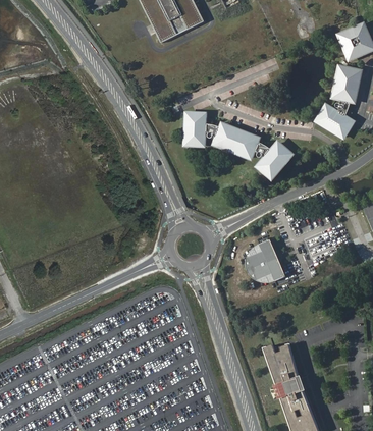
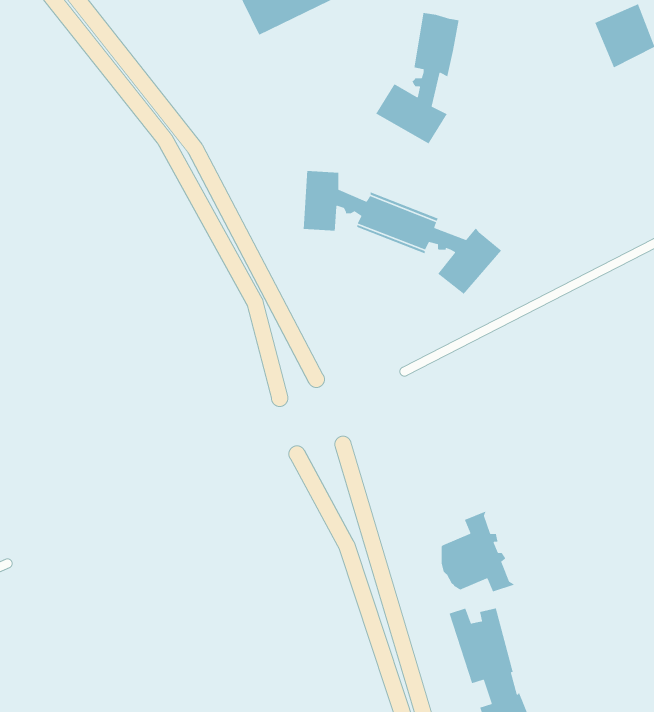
building: [315,69,360,140] -> [375,12,459,145]
building: [244,240,283,284] -> [441,510,516,593]

